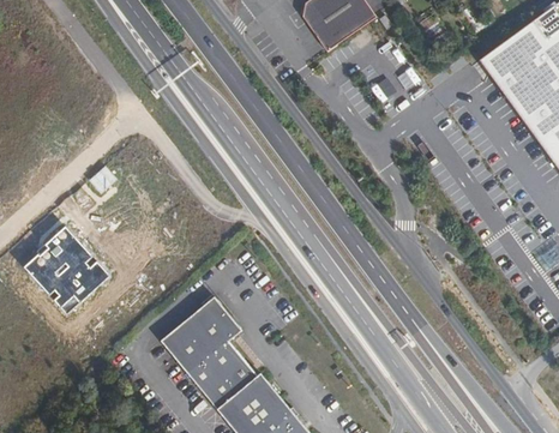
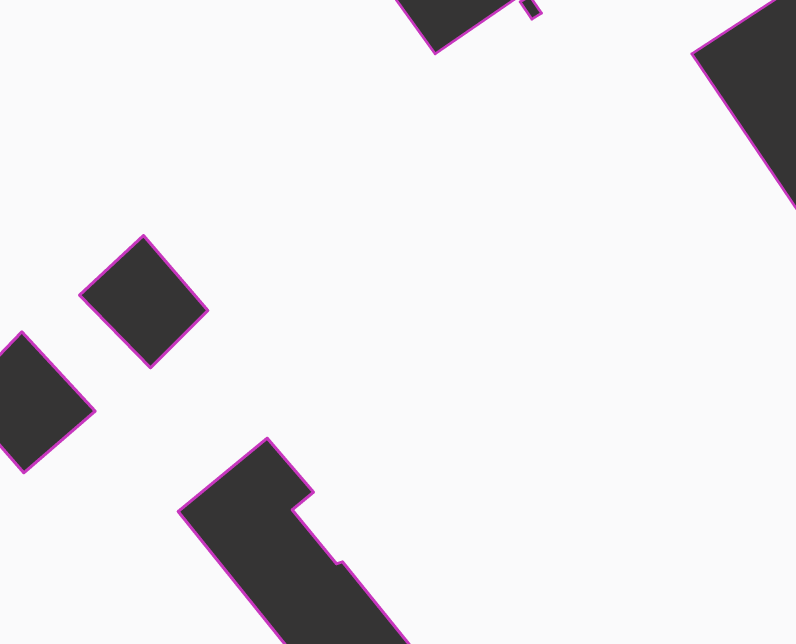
building: none -> [79,236,208,368]

